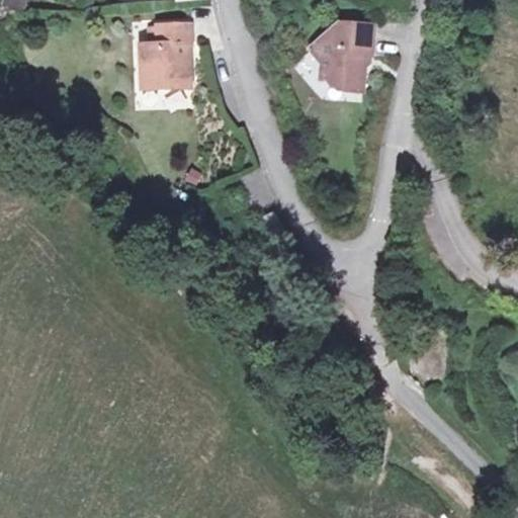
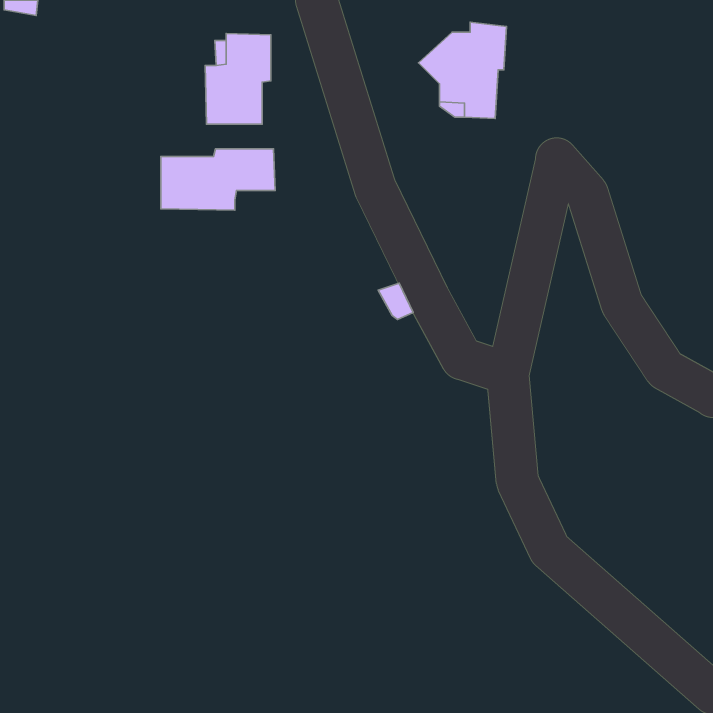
building: none -> [161,149,275,210]

